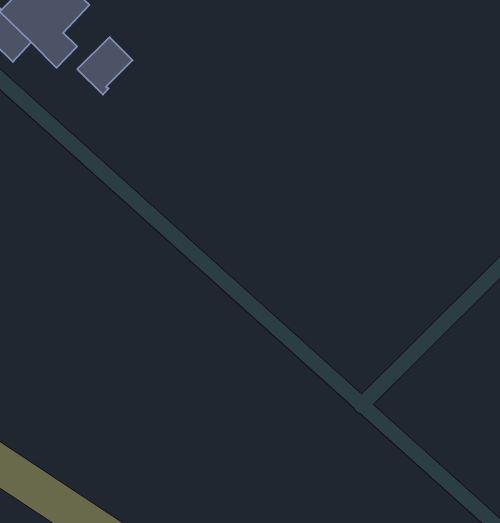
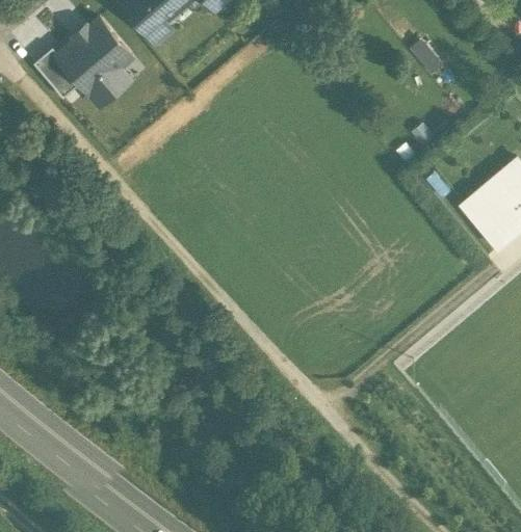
building: [77,37,133,95] -> none

